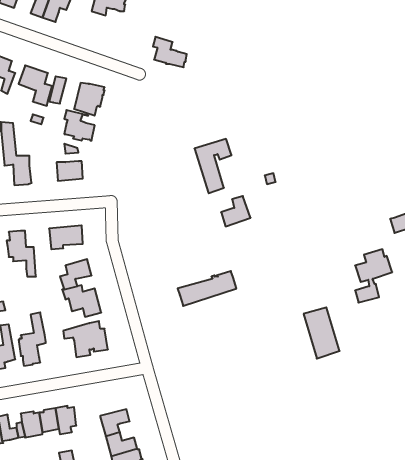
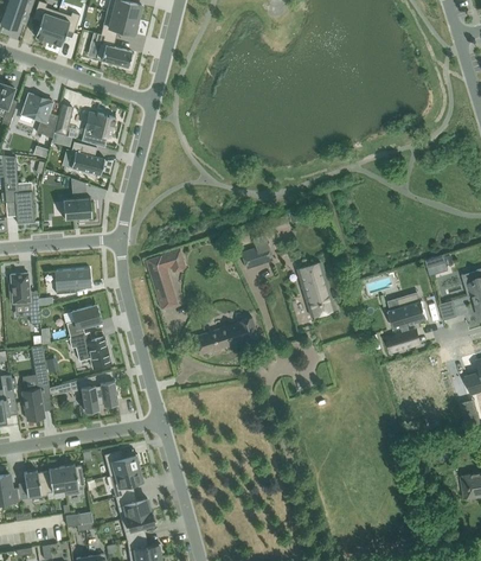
building: [153,37,187,67] -> [95,33,132,66]
building: [194,139,232,193] -> [146,250,186,310]
building: [304,307,340,359] -> [296,263,335,319]
building: none -> [104,451,140,476]

